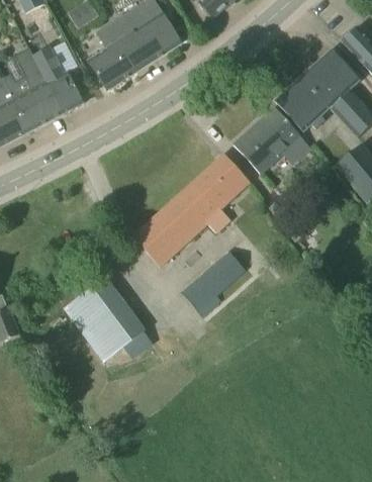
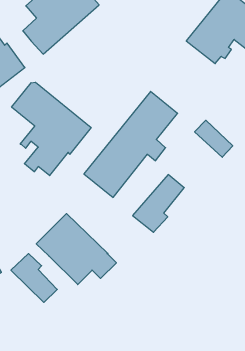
building: [232,106,310,174] -> none
building: none -> [12,82,91,176]
building: none -> [11,254,57,302]

